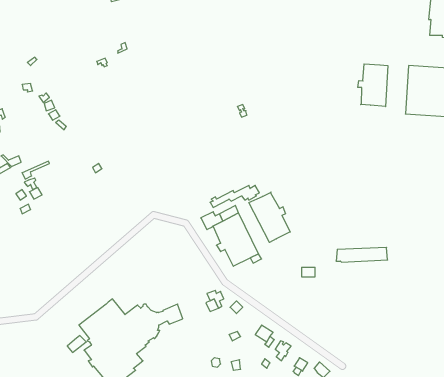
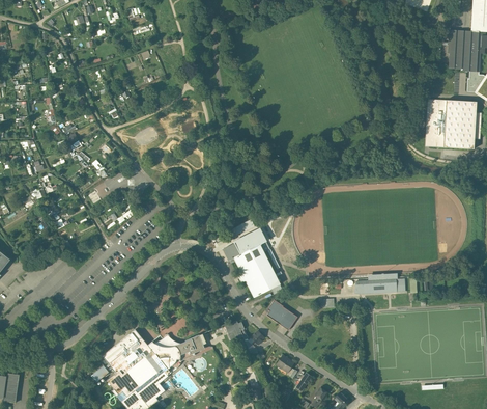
building: [358,64,388,107] -> none
building: [249,192,290,242] -> none
building: none -> [266,299,297,329]

